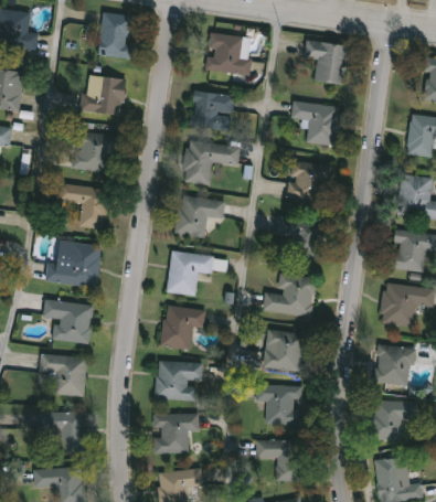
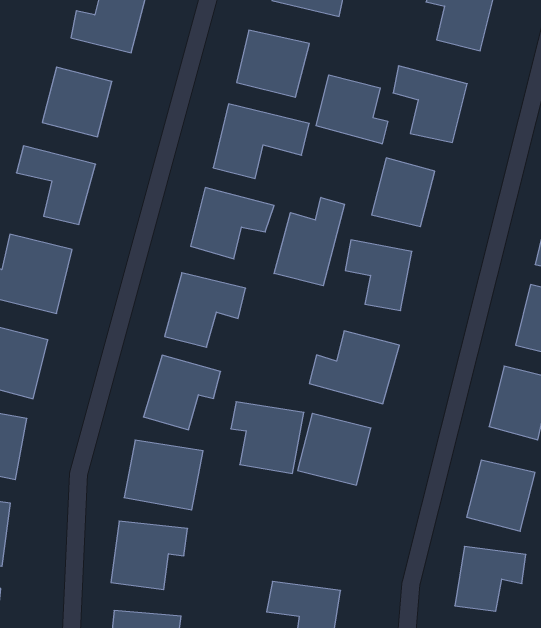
building: none -> [316,75,388,144]
building: none -> [274,197,344,286]
building: [255,384,300,425] -> [231,402,304,473]

